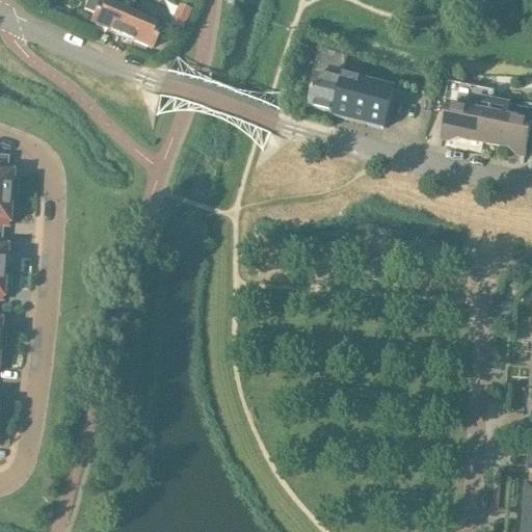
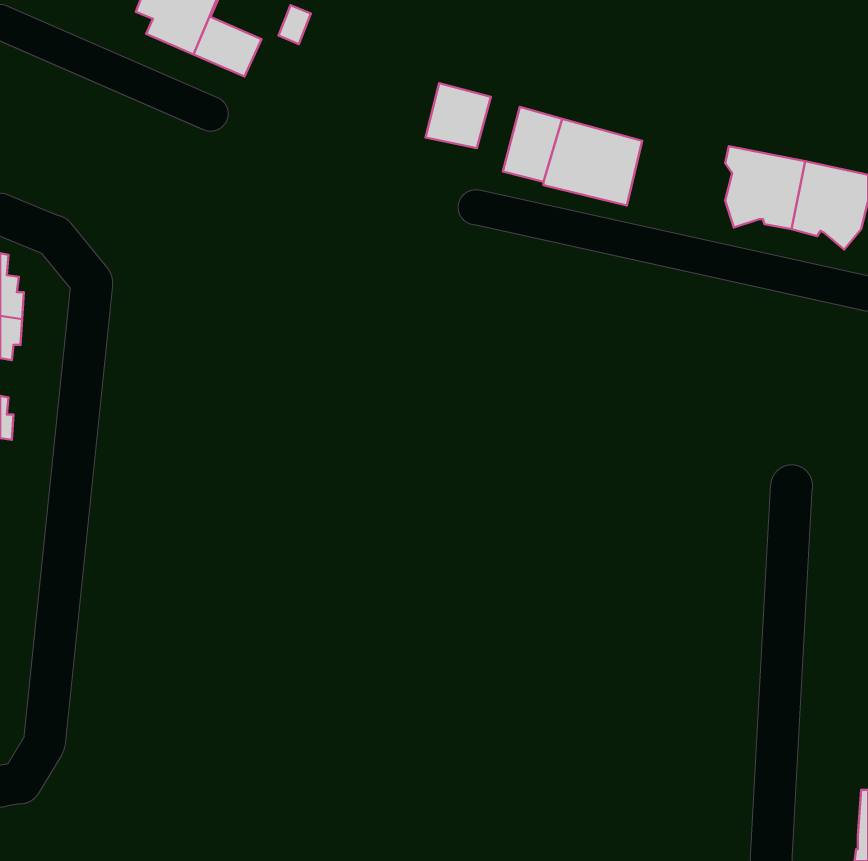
building: none -> [426,83,491,148]

